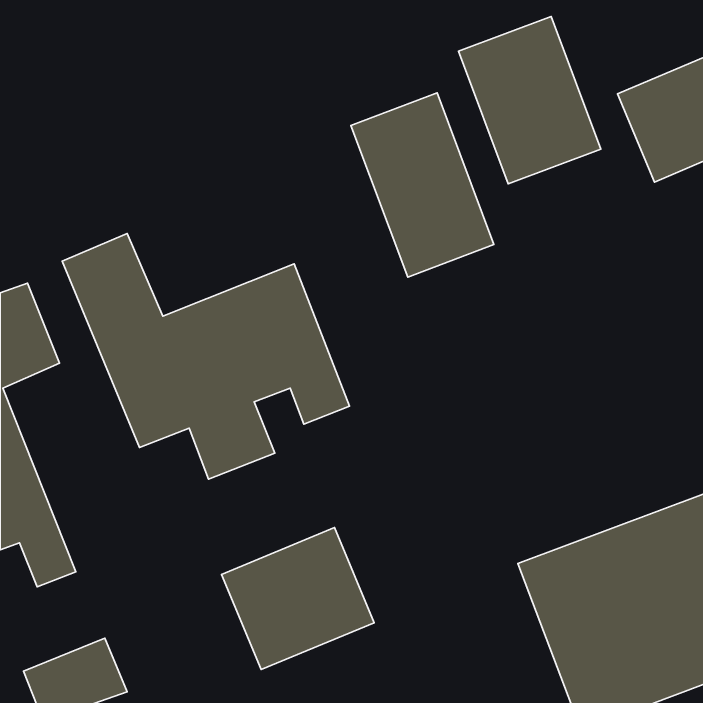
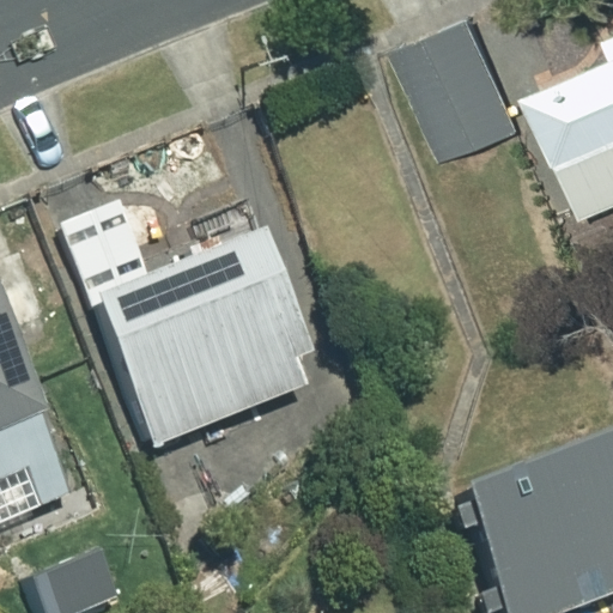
building: [351,93,494,277] -> none
building: [222,528,374,670] -> none

